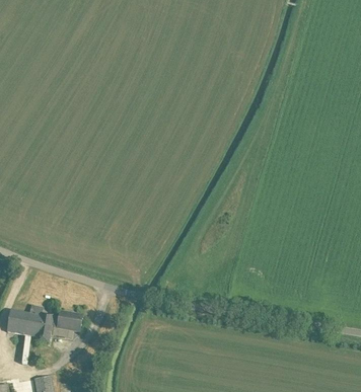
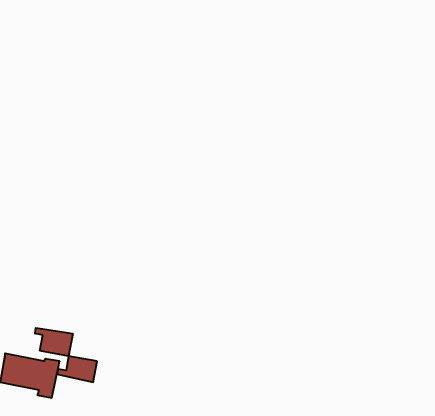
building: none -> [35,328,73,356]

